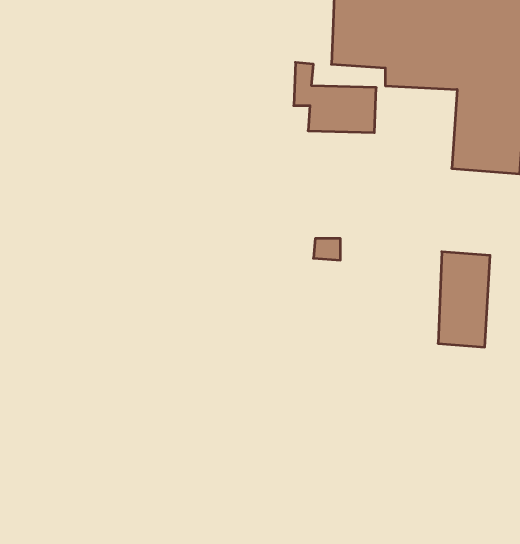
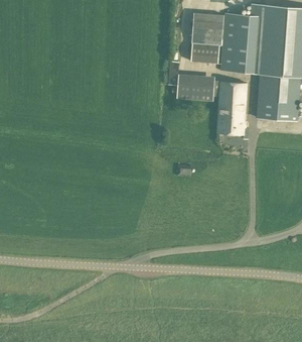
building: [438,252,490,347] -> [217,81,247,134]

